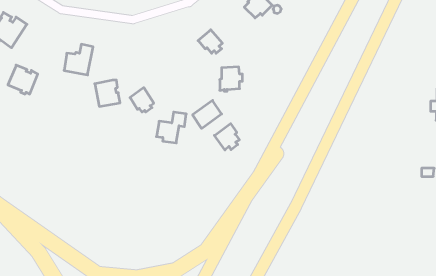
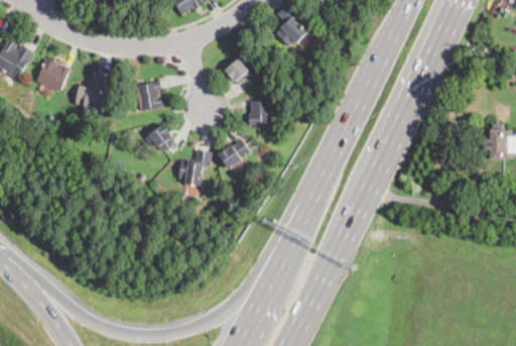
building: [8,65,38,94] -> [35,59,69,91]
building: [95,80,120,106] -> [135,81,163,110]
building: [214,124,239,150] -> none

